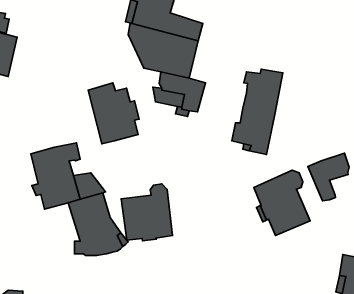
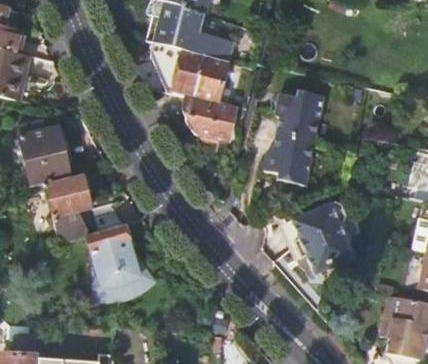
building: [88,83,139,144] -> [16,120,72,187]
building: [308,153,349,201] -> none
building: [121,184,172,241] -> none

